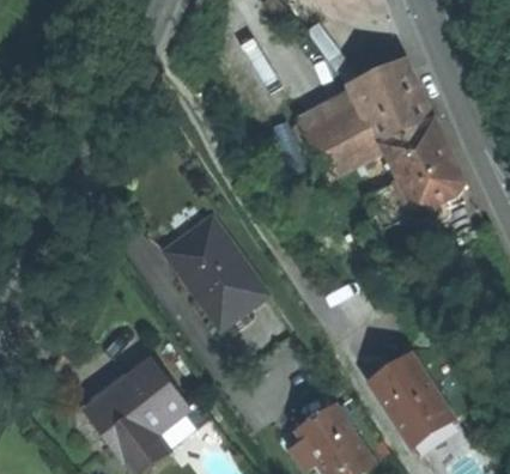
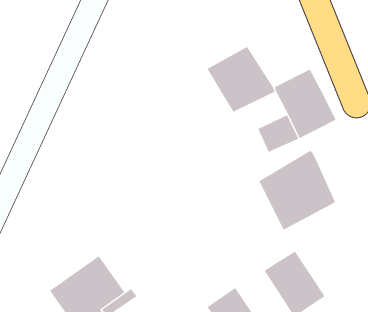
building: [350,57,432,140] -> none
building: [164,215,265,324] -> none
building: none -> [259,150,336,231]

